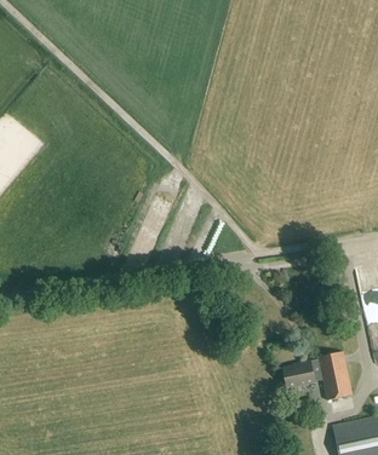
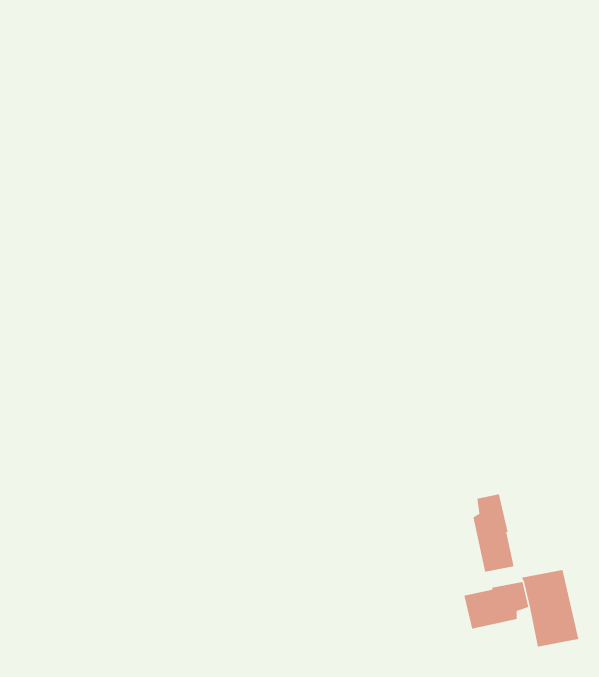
building: none -> [473,494,514,572]

